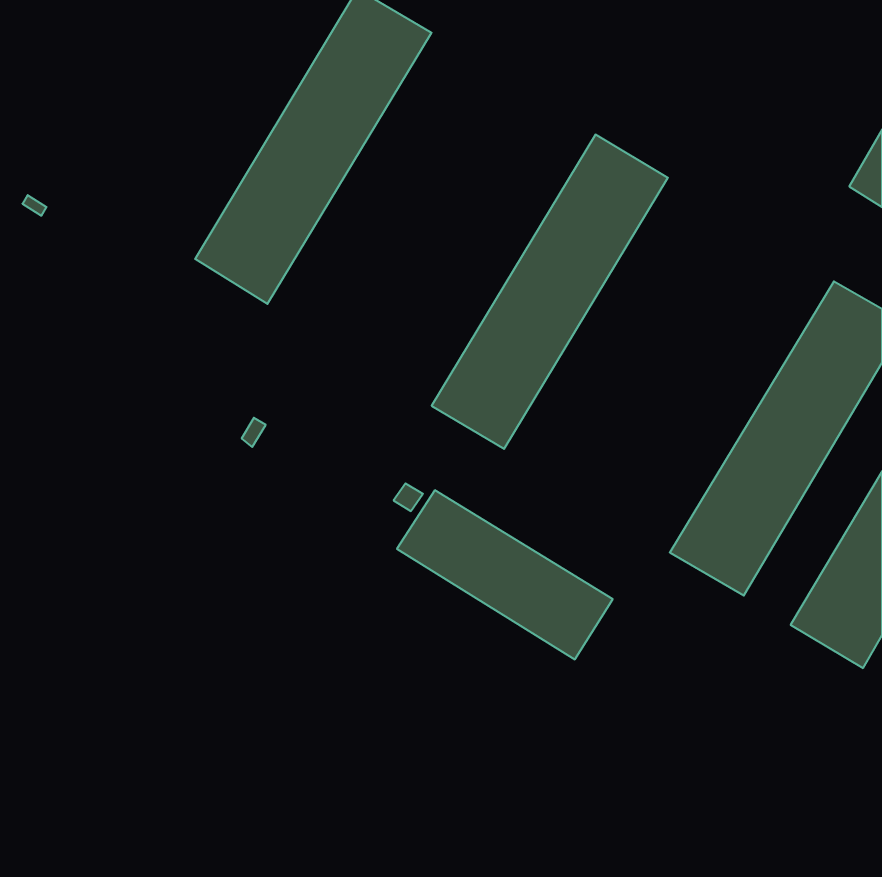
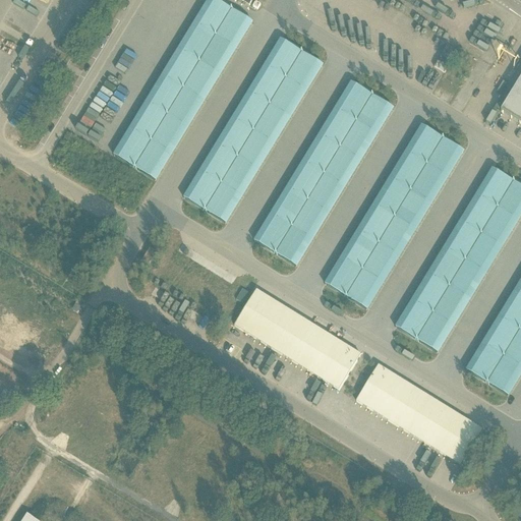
building: none -> [184,36,323,222]
building: none -> [325,122,464,308]
building: none -> [356,364,483,464]

